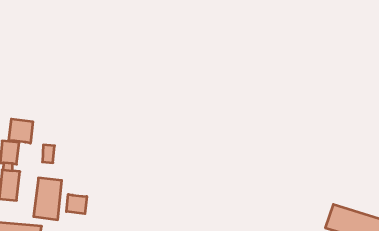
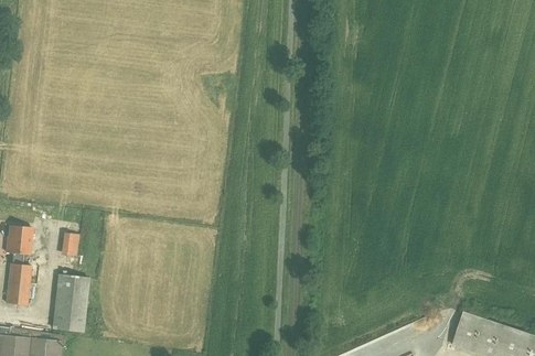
building: [9,119,33,143] -> none
building: [66,194,87,214] -> none

